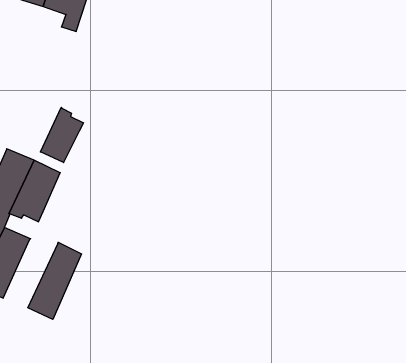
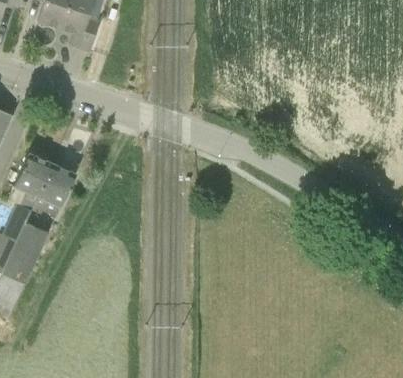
building: [40,107,83,163] -> none
building: [28,242,82,319] -> none

